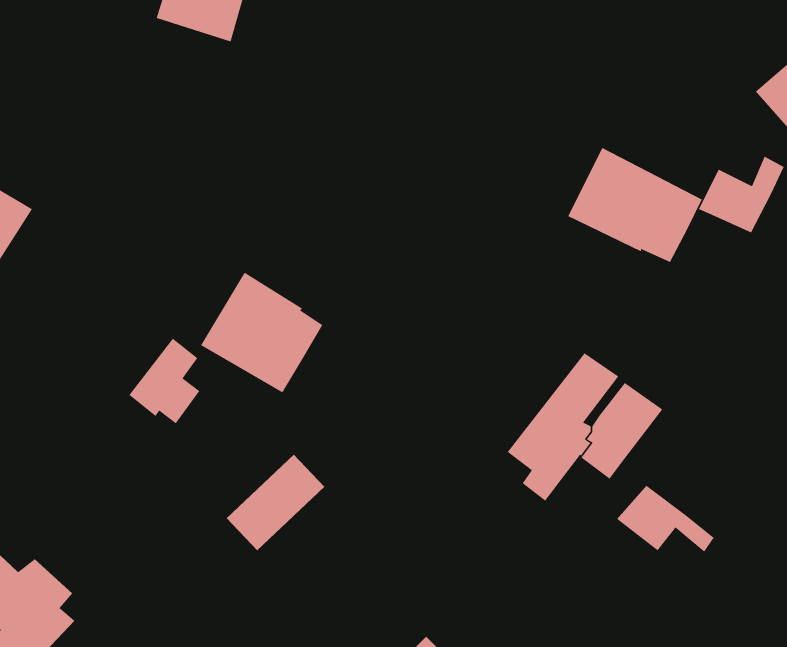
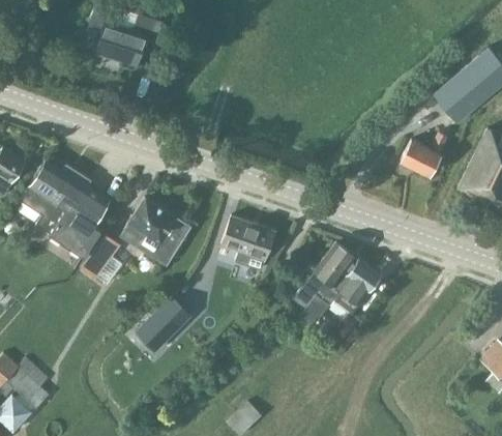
building: [567,147,702,263] -> none
building: none -> [19,153,107,255]
building: none -> [220,214,274,270]
building: [616,485,714,552] -> none

